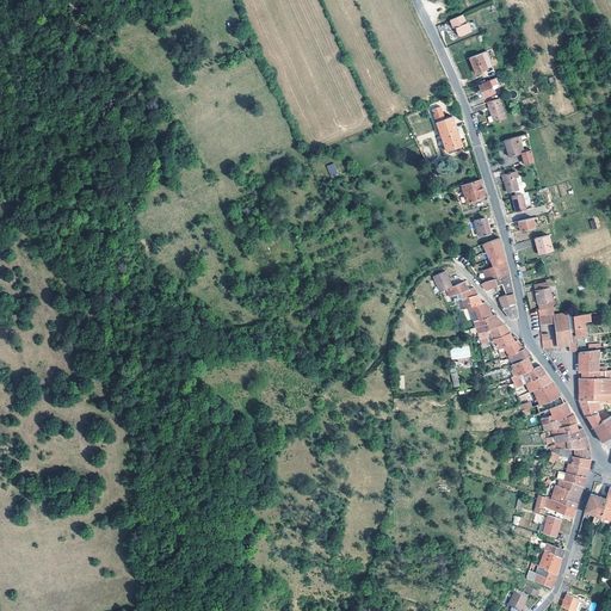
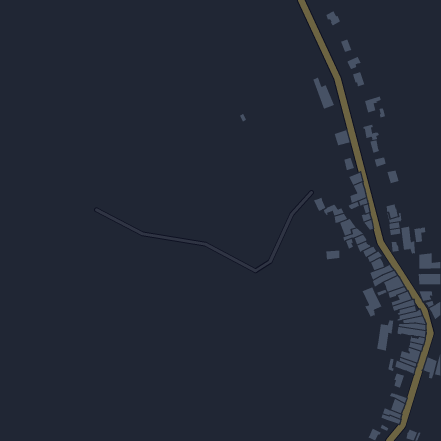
building: none -> [362,286,382,318]
building: none -> [377,319,394,351]

